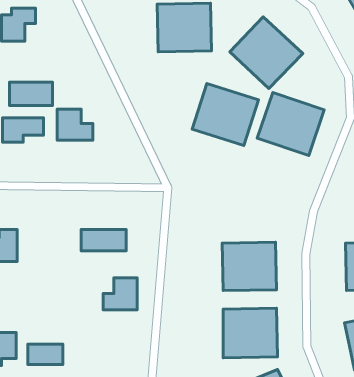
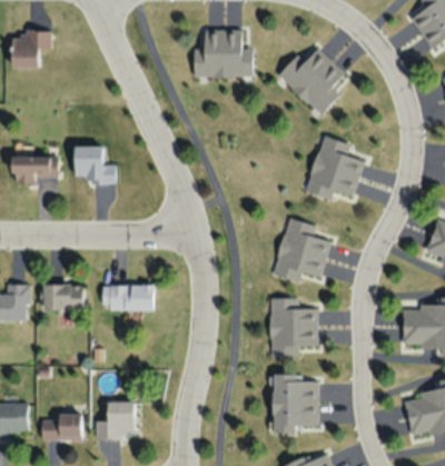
building: [9,82,52,105] -> none
building: [192,83,258,146] -> [265,214,340,285]
building: none -> [42,285,83,310]
building: [103,278,137,310] -> [96,403,135,439]

